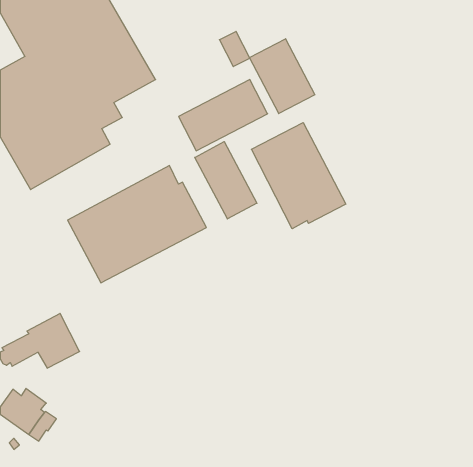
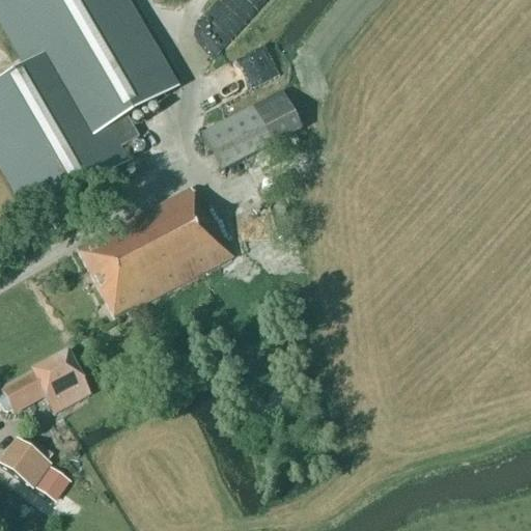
building: [250,39,315,114] -> none
building: [251,123,346,229] -> none
building: [195,142,257,219] -> none

